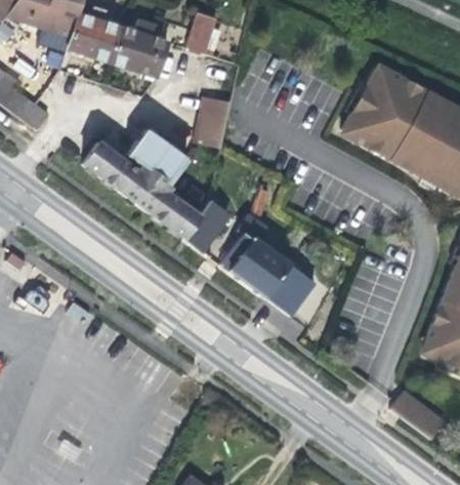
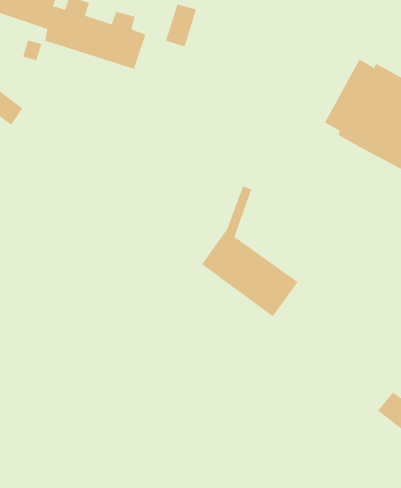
building: [196,96,232,148] -> none
building: [83,127,231,251] -> none

